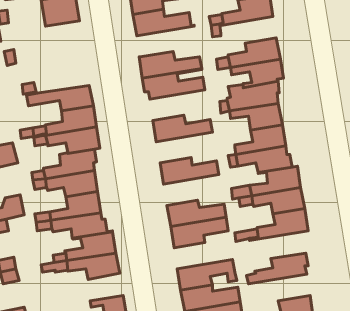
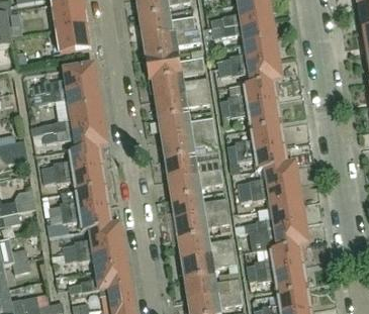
building: none -> [224,19,275,44]
building: none -> [56,23,92,53]
building: none -> [143,28,199,58]
building: none -> [48,64,97,92]
building: none -> [155,89,209,118]
building: none -> [161,129,216,159]
building: none -> [168,170,222,199]
building: none -> [250,223,308,250]
building: none -> [178,234,234,259]
building: none -> [69,264,129,293]
building: none -> [249,265,307,290]

